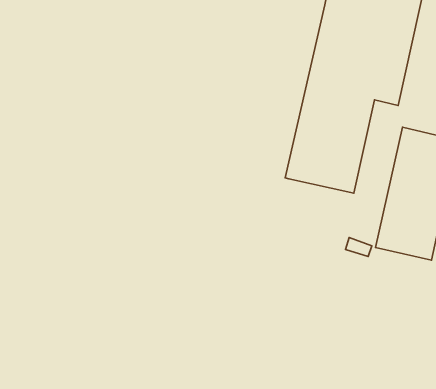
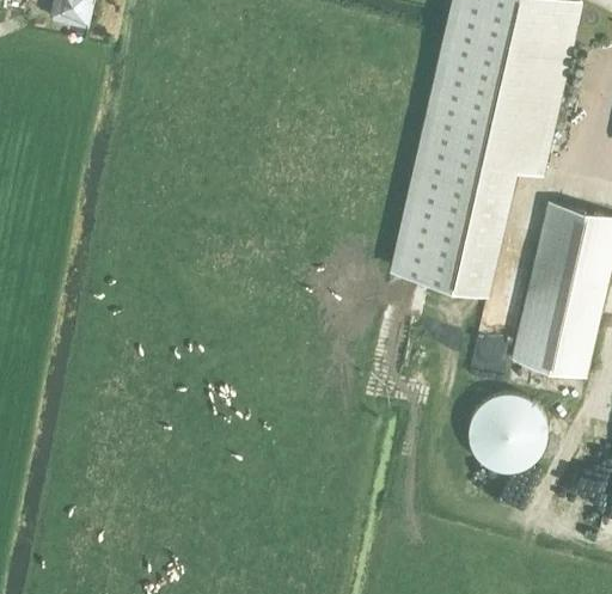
building: none -> [469,391,550,472]

